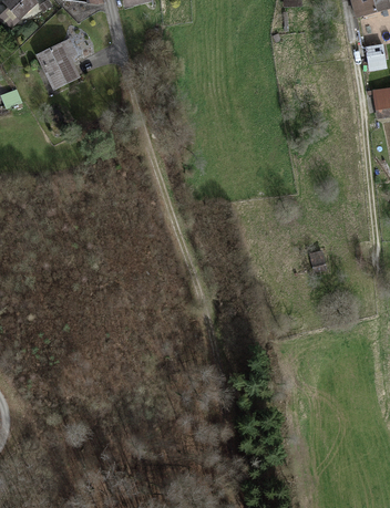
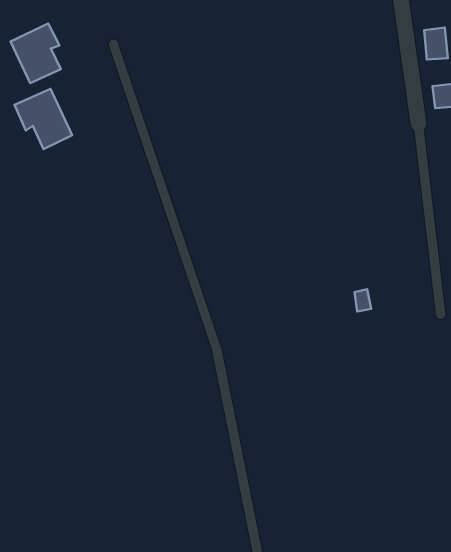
building: none -> [15,89,72,149]

